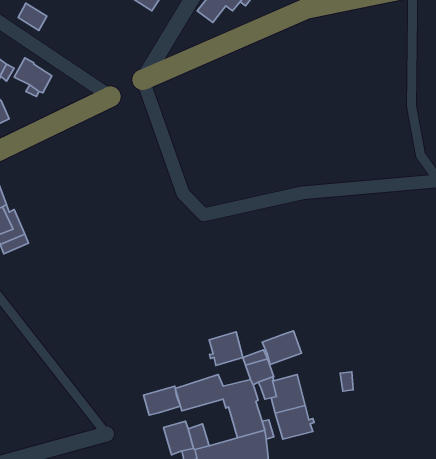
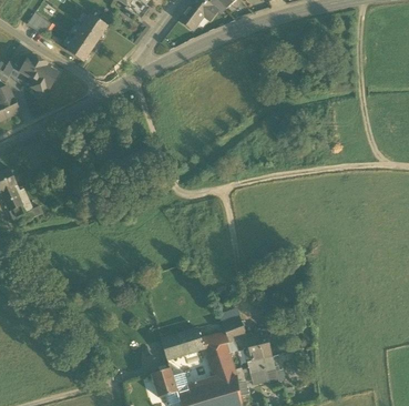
building: none -> [65,12,106,60]
building: [262,331,302,365] -> none
building: [209,332,243,365] -> none
building: [144,386,180,415] -> none

